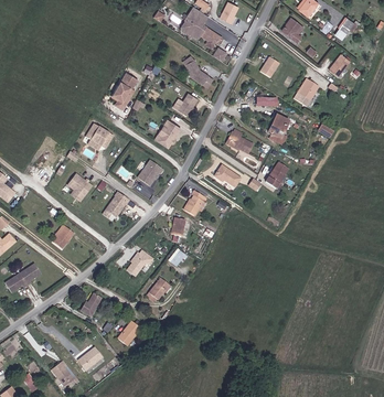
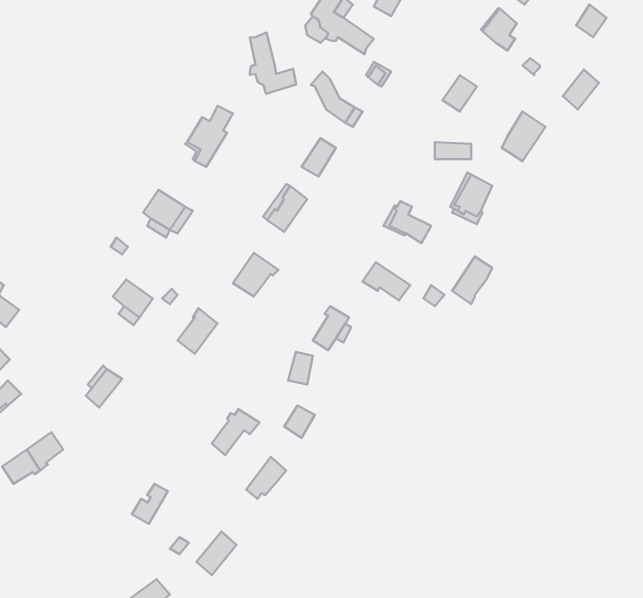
building: none -> [250,32,296,94]

